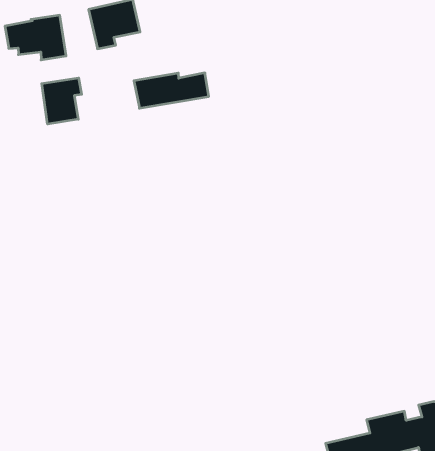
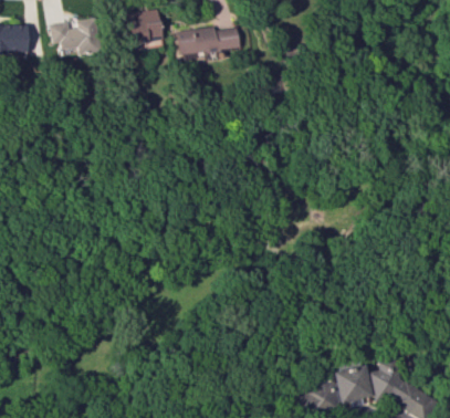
building: [134,73,209,108] -> [177,27,239,54]
building: [42,78,82,124] -> none

